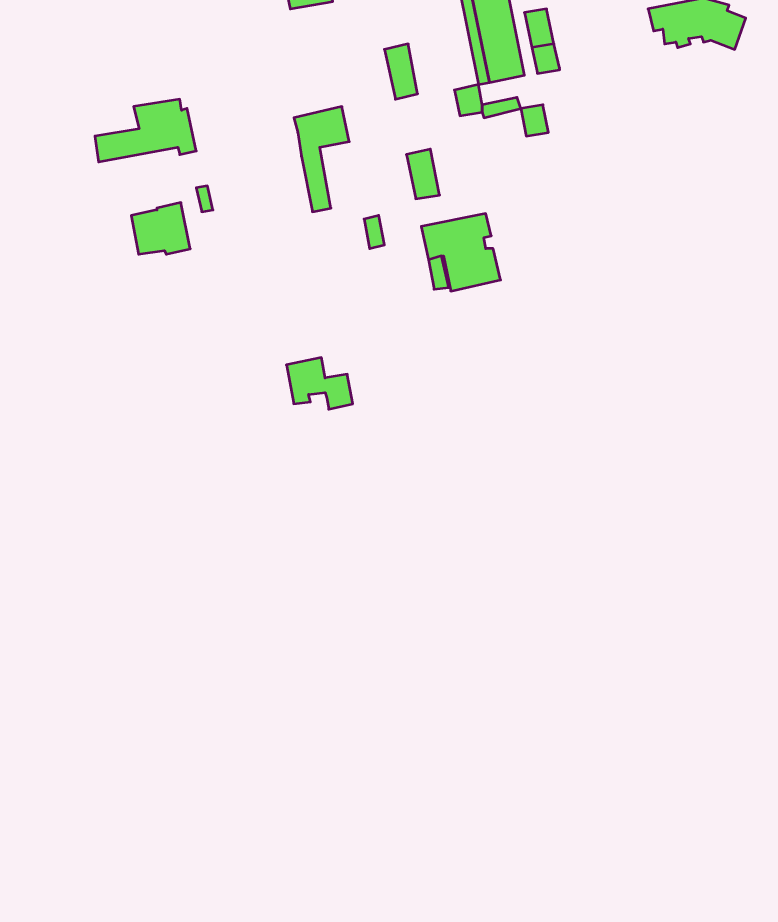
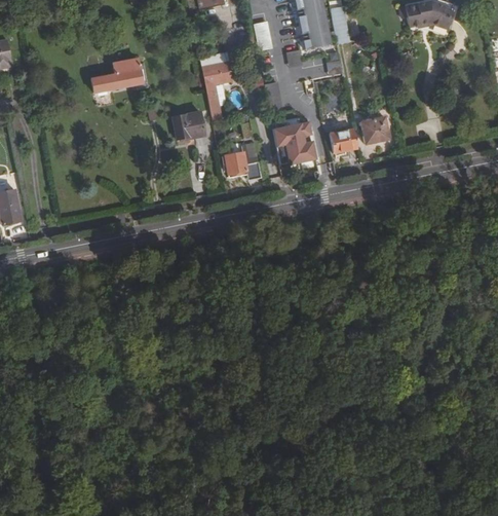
building: [131,203,190,254] -> [171,109,204,138]
building: none -> [360,115,389,143]
building: none -> [330,126,357,152]
building: [286,358,353,409] -> [224,151,261,180]

